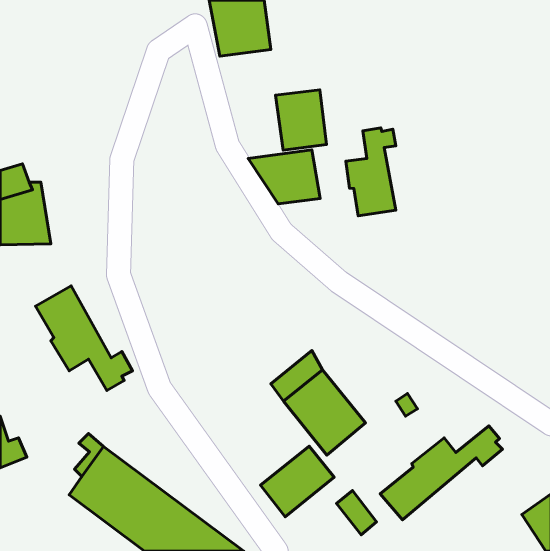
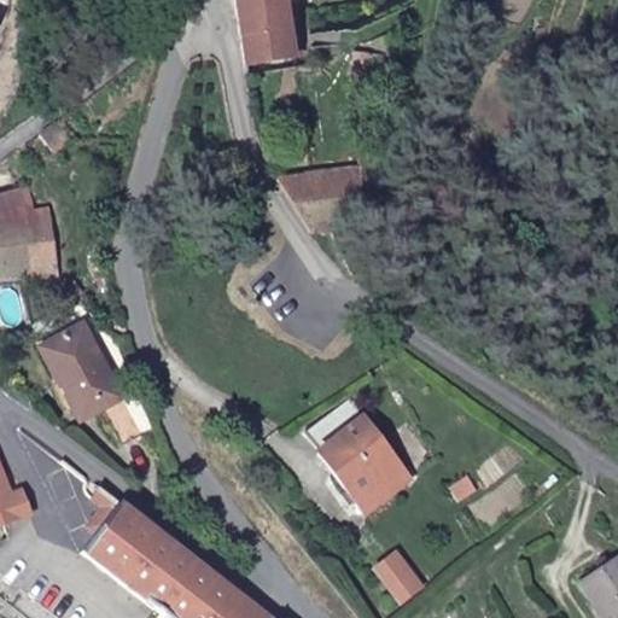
building: [275,90,327,150] -> none
building: [346,128,396,216] -> none
building: [380,426,502,520] -> none
building: [261,446,334,517] -> none

